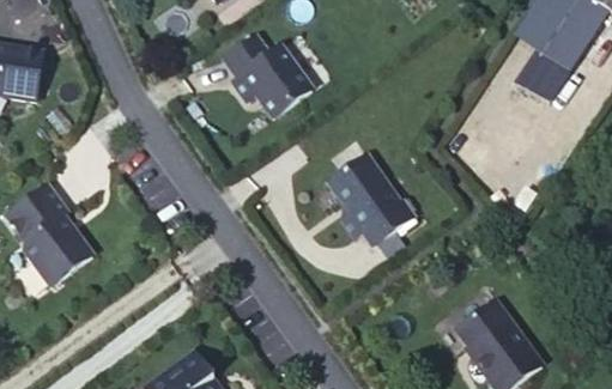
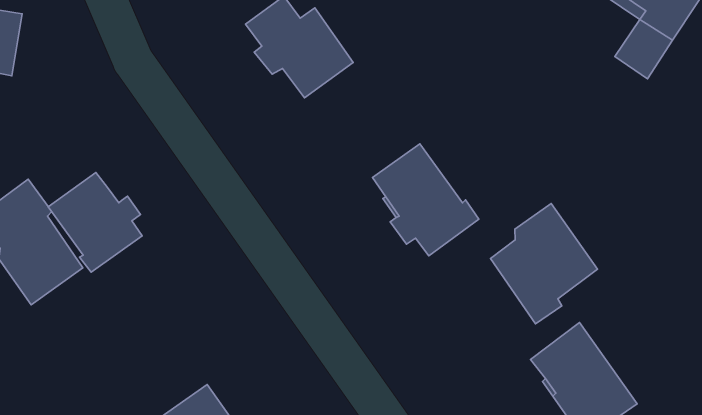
building: none -> [48,172,142,272]
building: none -> [490,203,598,324]

